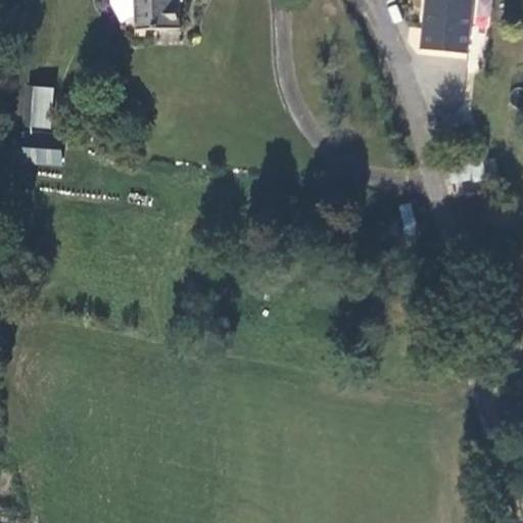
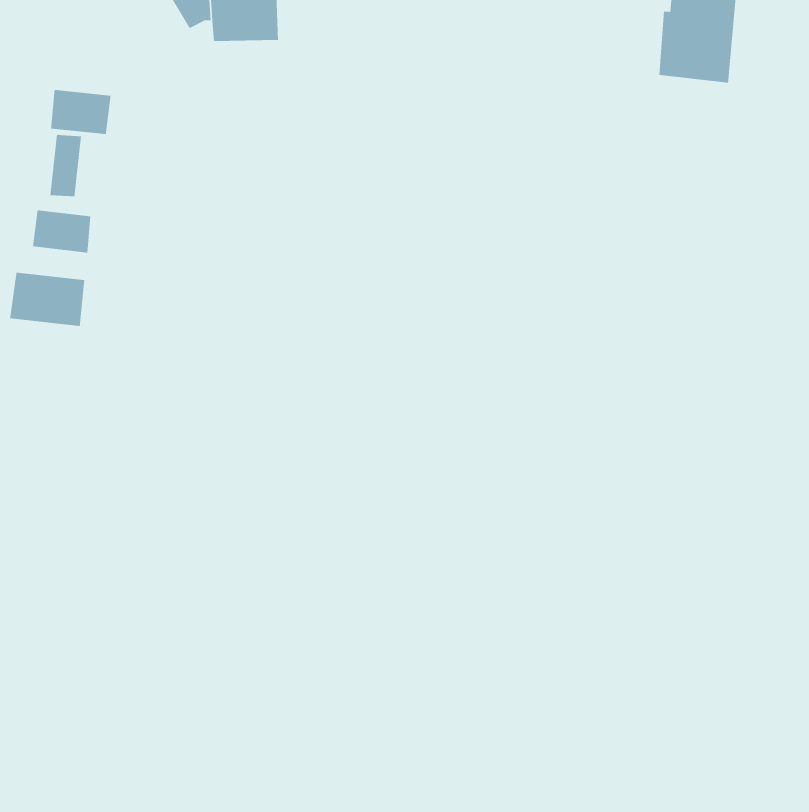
building: none -> [50,89,111,135]
building: none -> [10,272,85,327]

